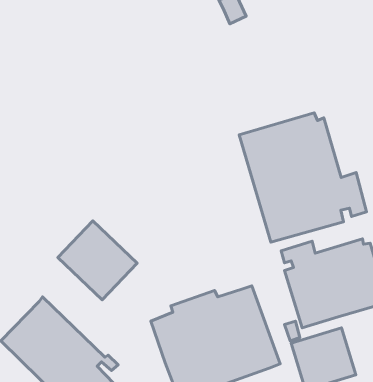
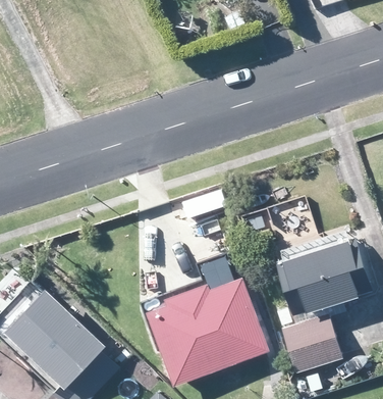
building: [239,113,367,242] -> none
building: [58,221,137,300] -> none

